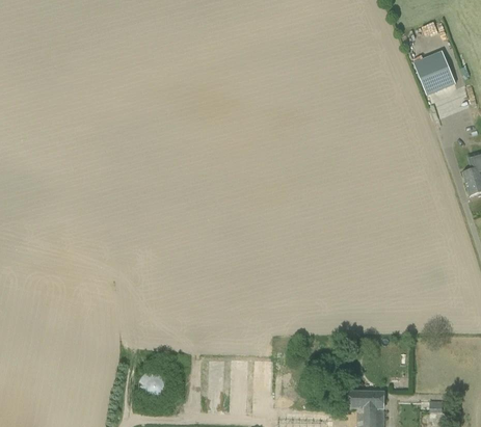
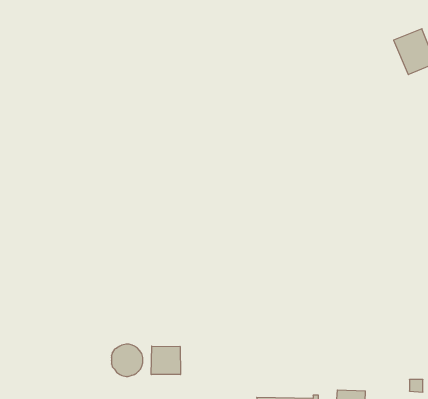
building: none -> [151,346,180,375]
building: [348,391,384,408] -> none

